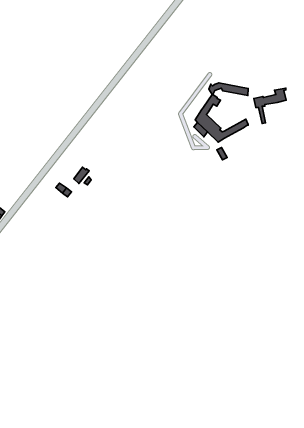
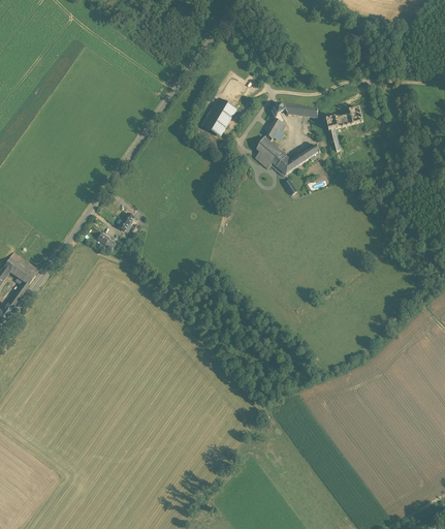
building: none -> [201,98,234,134]

